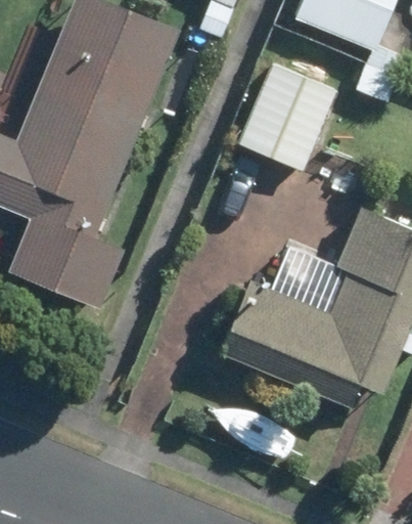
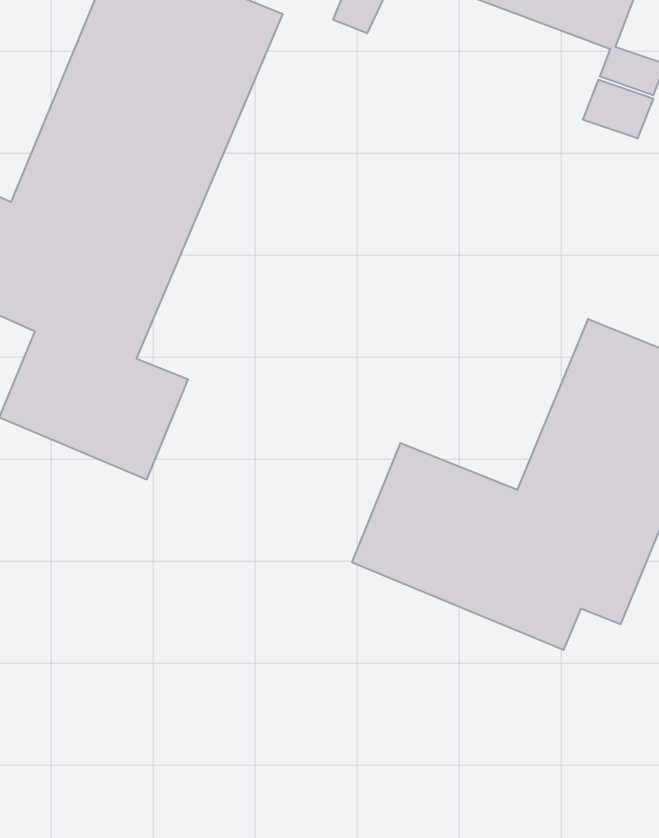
building: [246,66,345,171] -> none

